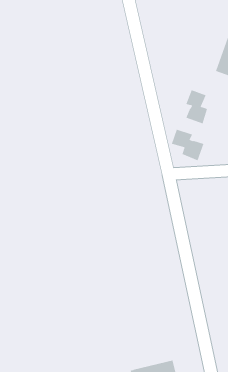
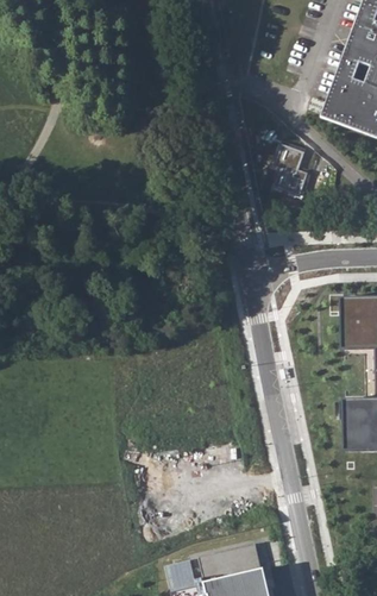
building: [171,129,204,161] -> none

